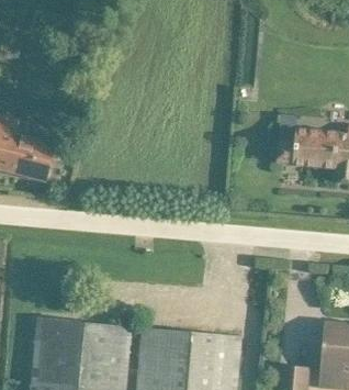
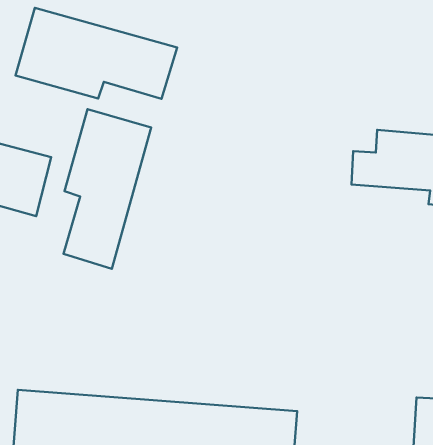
building: none -> [15,8,177,99]
building: none -> [64,109,151,269]

